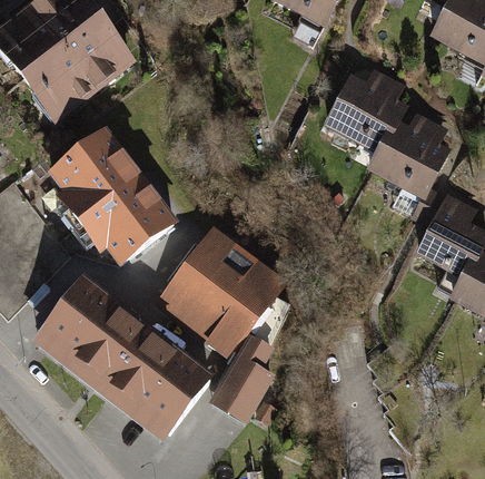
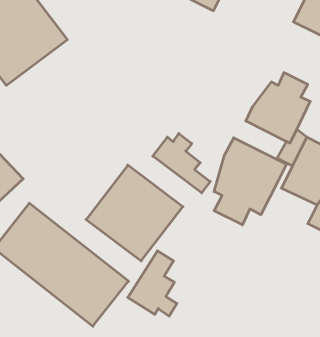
building: [323,63,407,150] -> none
building: [49,126,179,266] -> none
building: none -> [153,133,210,193]
building: none -> [214,138,287,225]

